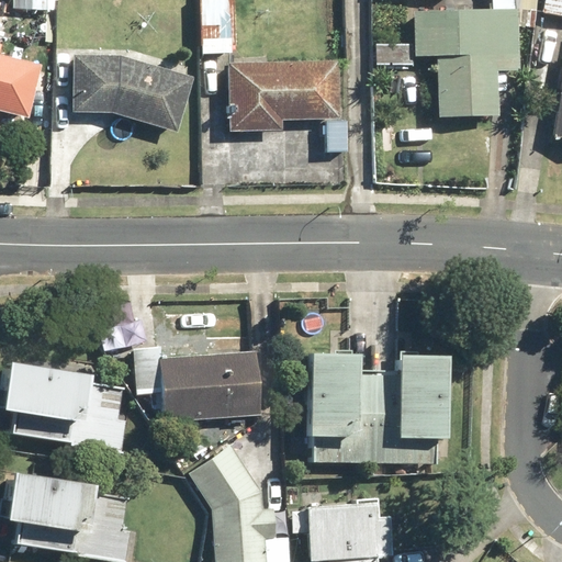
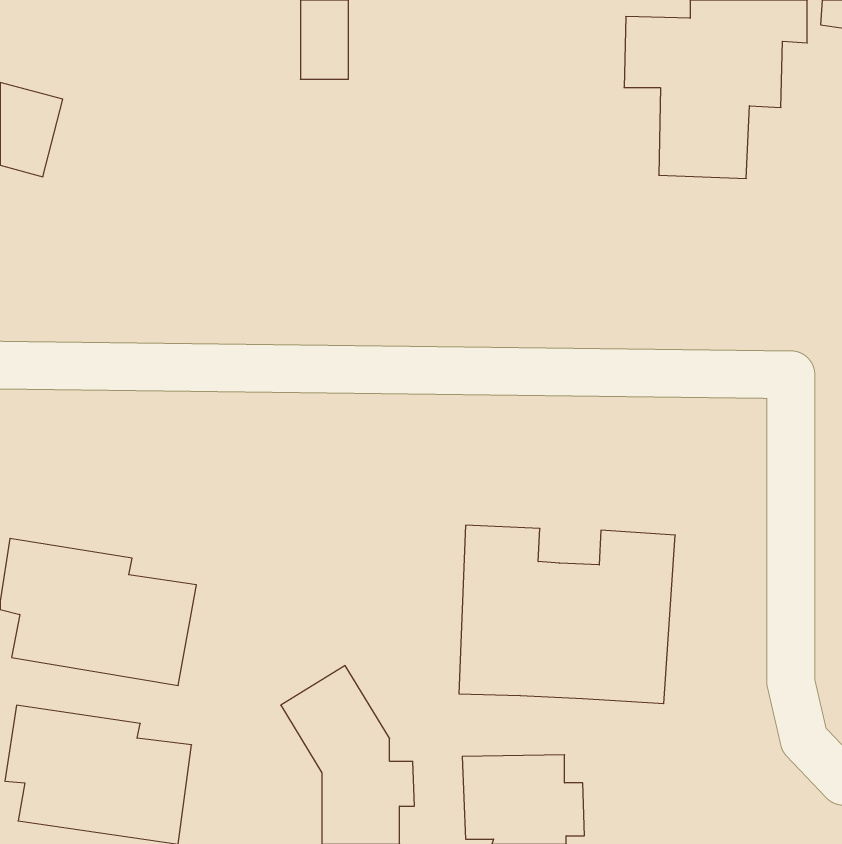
building: [72,54,193,132] -> none
building: [227,59,339,130] -> none
building: [134,347,257,416] -> none

